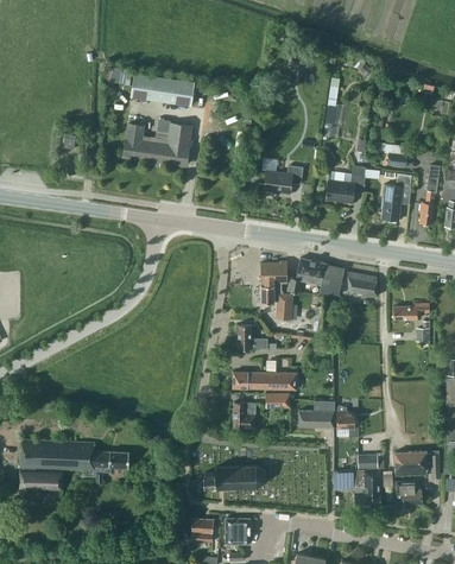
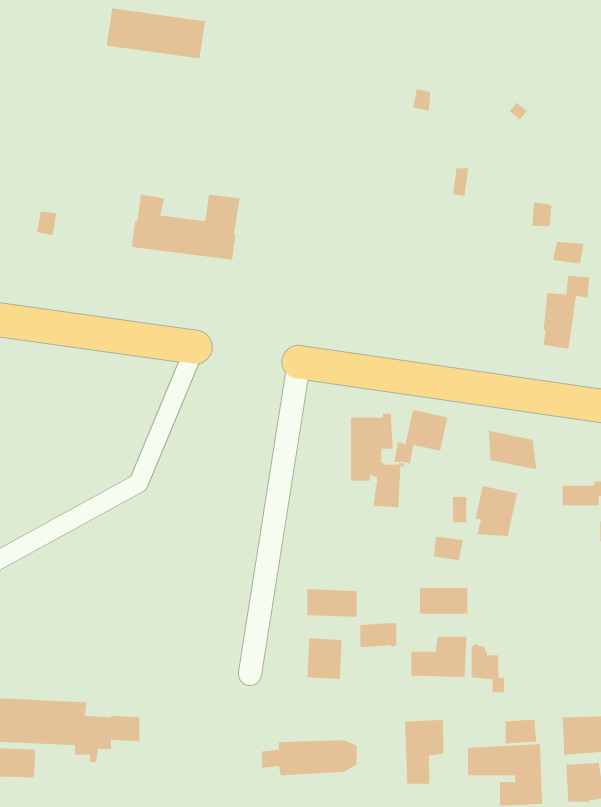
building: [131,74,194,106] -> [106,8,206,59]
building: [264,166,302,196] -> none
building: [326,166,365,205] -> none
building: [317,264,345,296] -> [475,486,518,537]
building: [236,325,267,349] -> none
building: [265,373,296,389] -> [419,588,468,614]
building: none -> [401,719,444,785]

